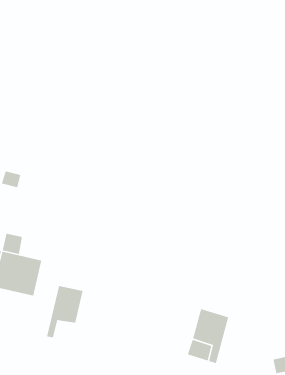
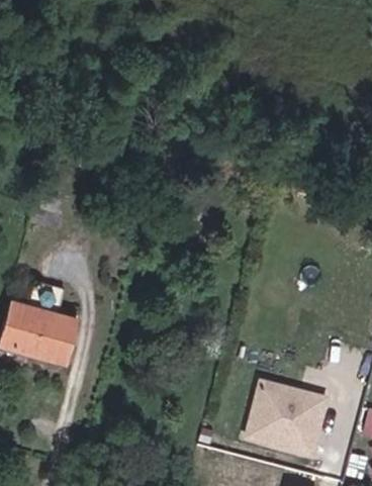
building: [46,285,83,338] -> none
building: none -> [286,389,329,454]

